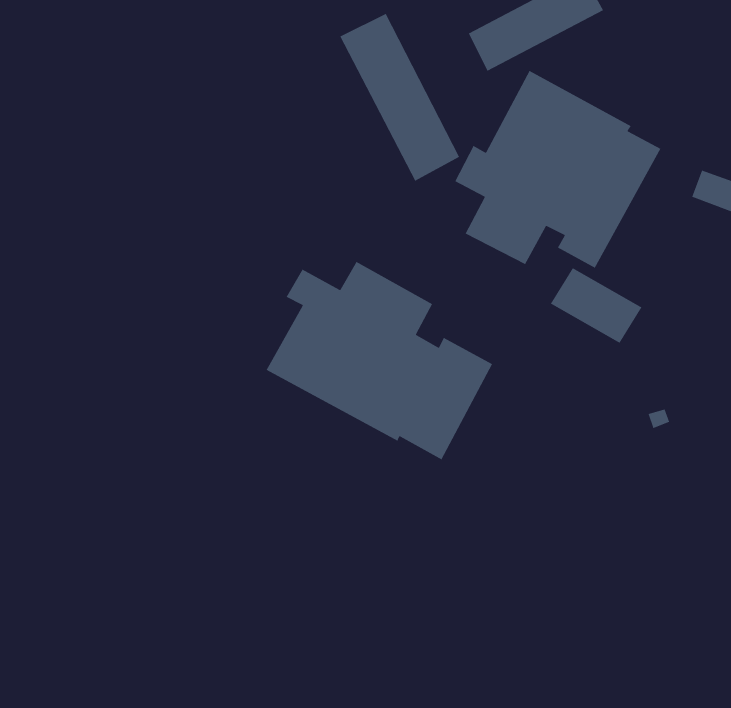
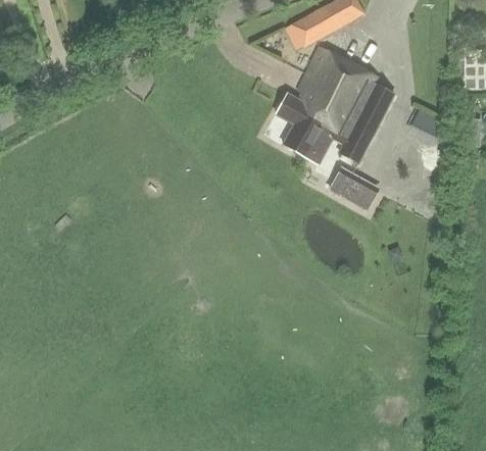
building: [339,13,460,182] -> none
building: [266,261,493,460] -> none

